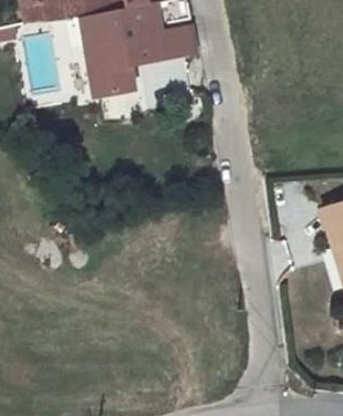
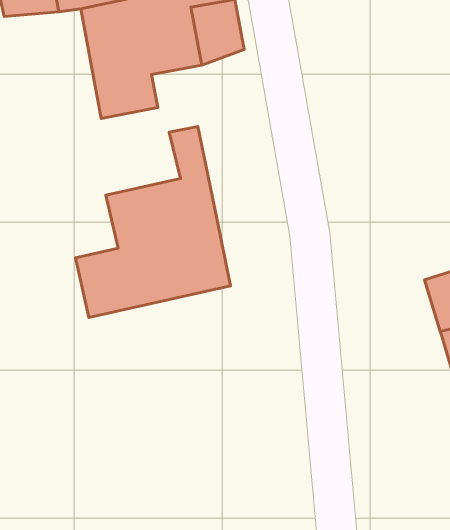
building: none -> [76,126,230,318]

